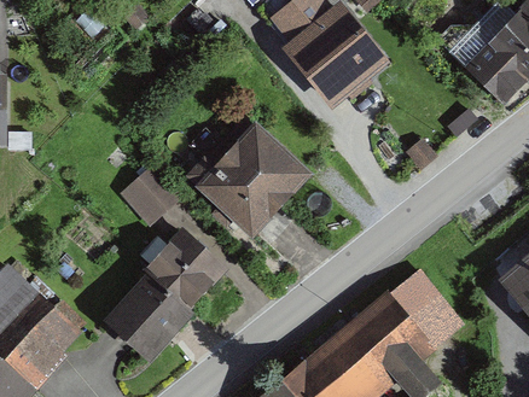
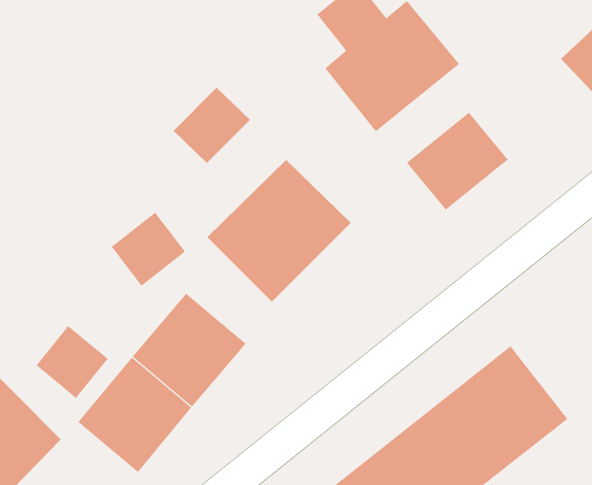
building: none -> [173,87,251,164]
building: none -> [406,112,508,211]
building: none -> [36,325,108,399]

